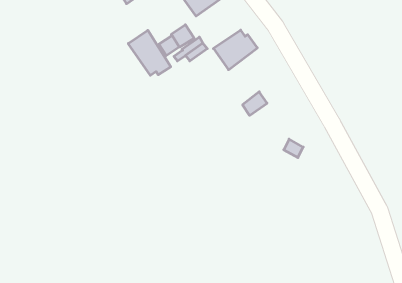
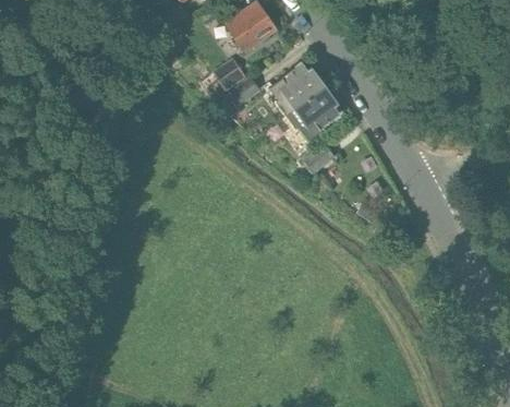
building: [128,30,171,75] -> none
building: none -> [287,88,337,140]

